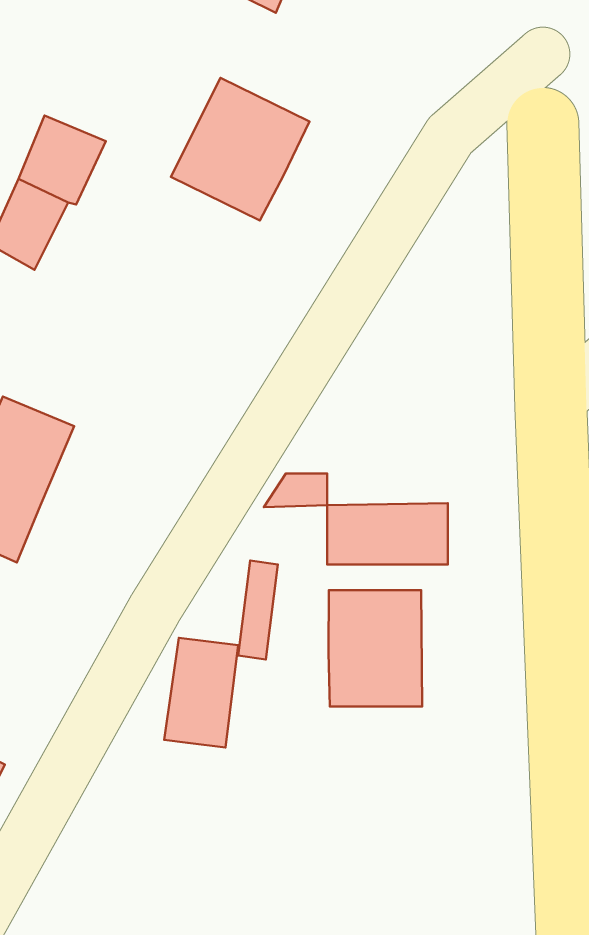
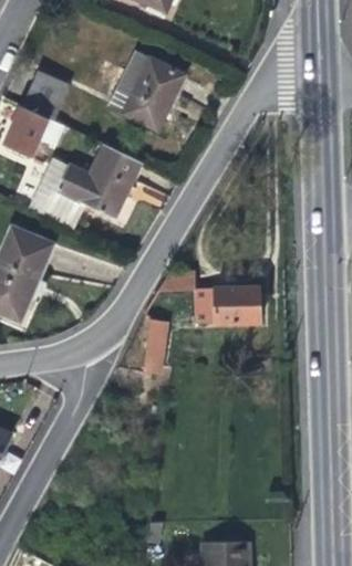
building: none -> [40,145,141,220]
building: [328,590,422,707] -> none
building: [164,638,238,747] -> none

